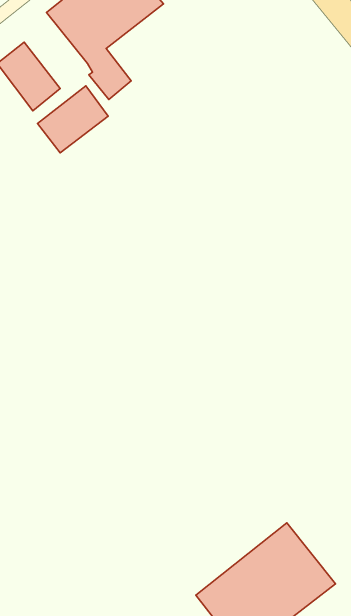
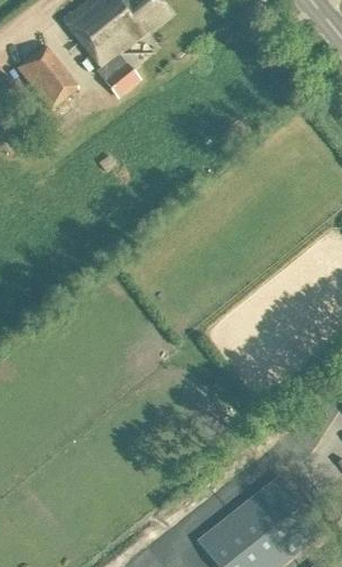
building: [37,86,108,153] -> none

